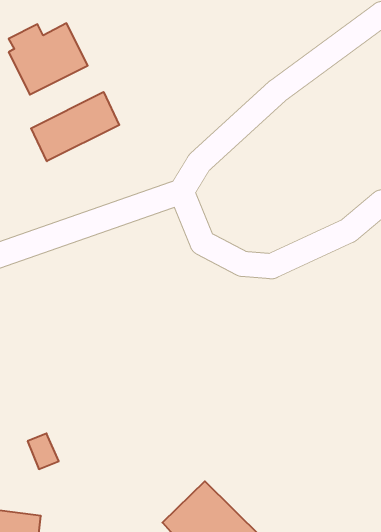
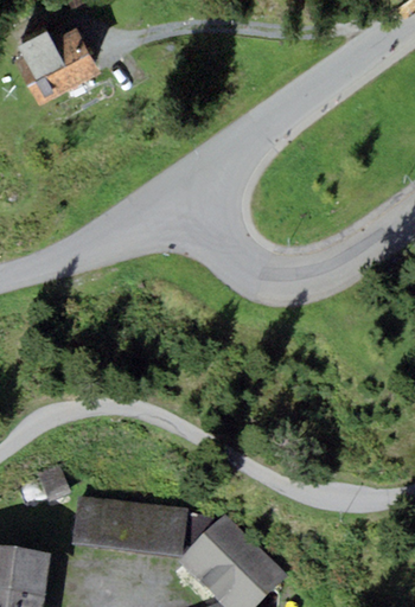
building: [31,92,119,161] -> none
building: none -> [72,498,185,558]

